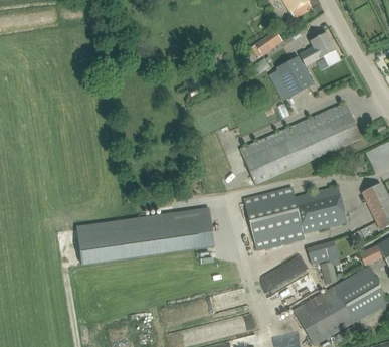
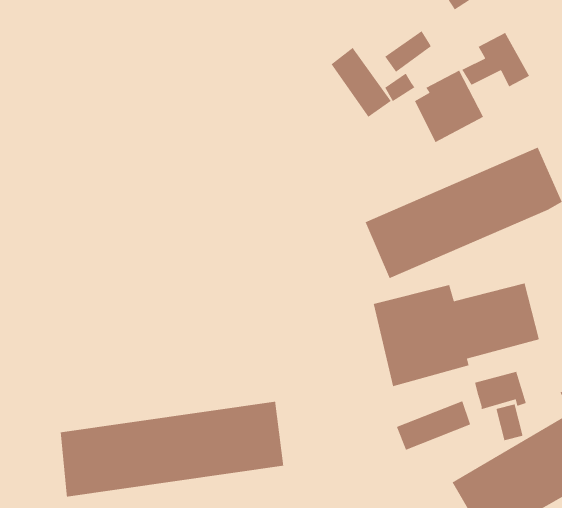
building: none -> [330,47,392,118]
building: [76,207,214,267] -> [60,401,284,497]

